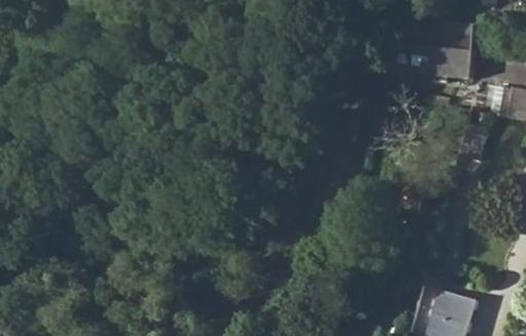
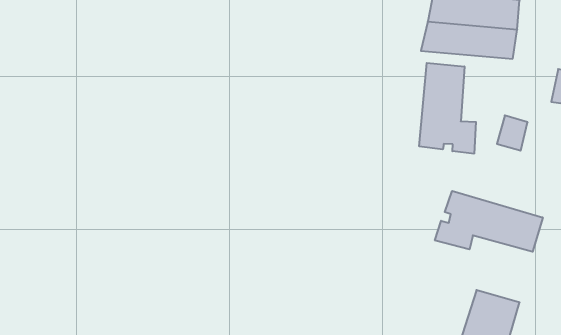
building: none -> [419,63,476,154]
building: none -> [435,191,543,252]

